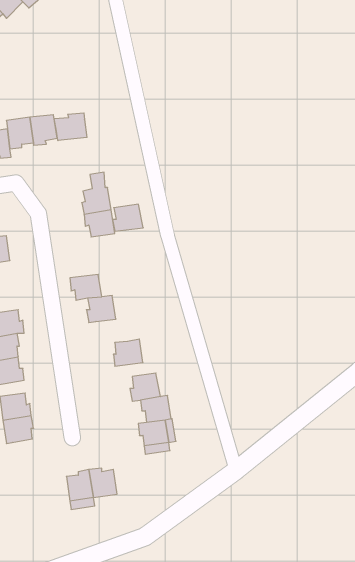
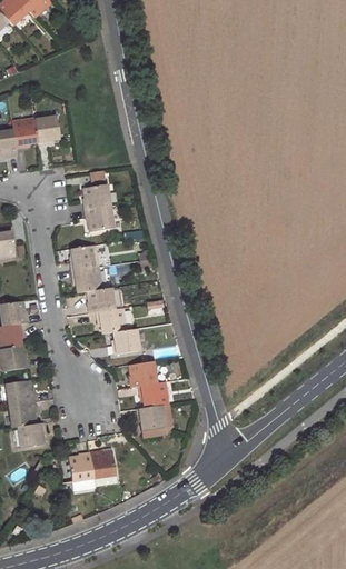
building: [54,113,87,141] -> none
building: [113,204,143,231] -> [70,244,99,270]
building: none -> [97,308,127,333]
building: none -> [18,421,47,448]

